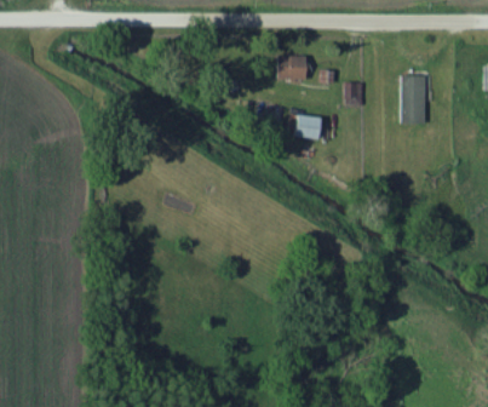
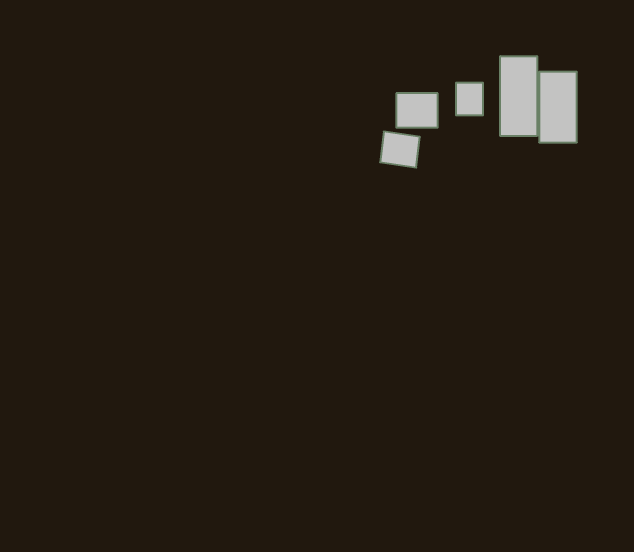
building: [277,56,305,79] -> [396,93,438,128]
building: none -> [500,56,537,136]

